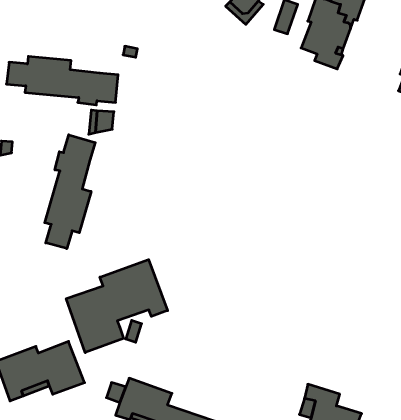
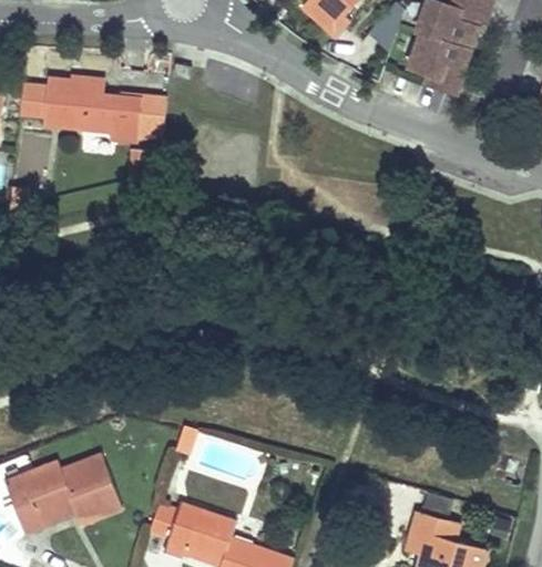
building: [45,135,95,249] -> none
building: [66,260,168,353] -> none

